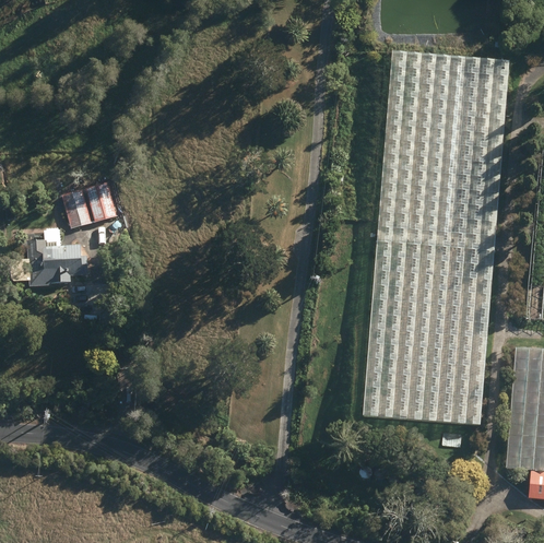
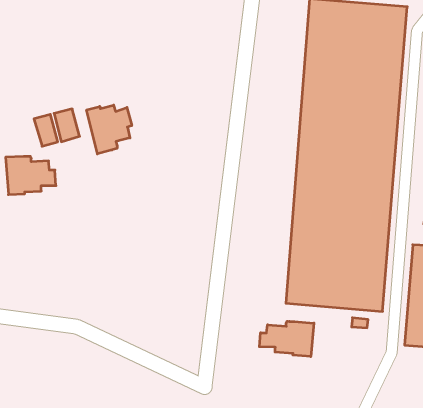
building: none -> [87,105,132,154]
building: none -> [259,321,314,357]

